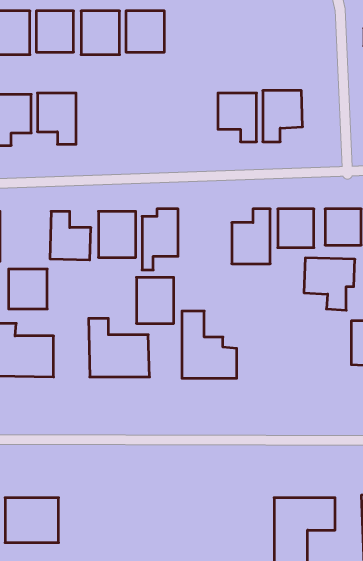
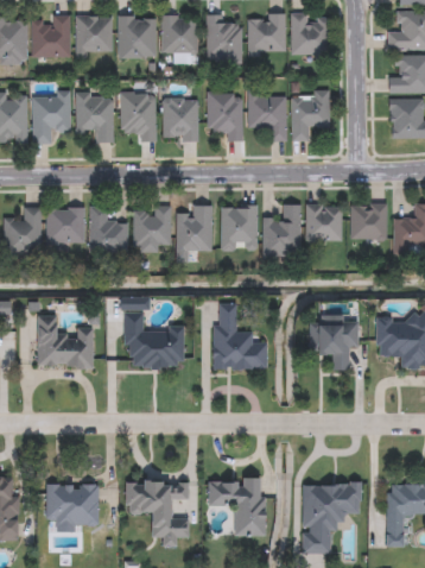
building: none -> [292,14,328,58]
building: none -> [207,17,241,63]
building: none -> [247,17,286,56]
building: none -> [121,94,157,143]
building: none -> [208,94,243,141]
building: none -> [163,100,198,141]
building: [304,258,355,310] -> [309,318,357,368]
building: [9,269,47,309] -> [47,209,84,247]
building: [136,277,174,323] -> [221,207,256,251]
building: none -> [208,478,264,535]
building: none -> [127,479,189,536]

